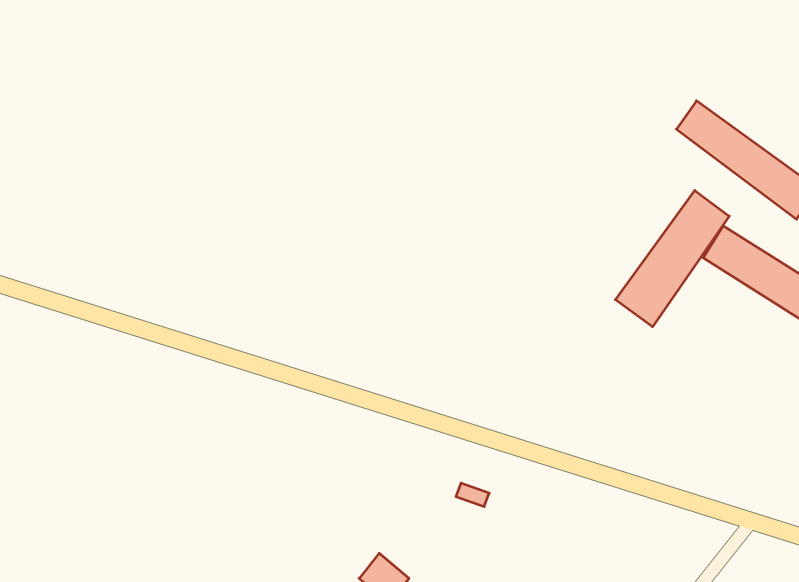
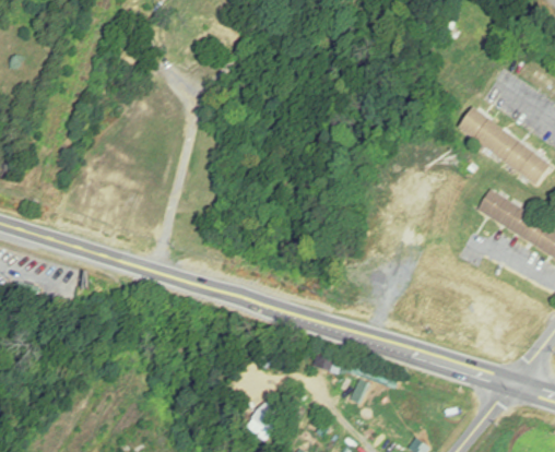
building: [615,190,729,327] -> none

